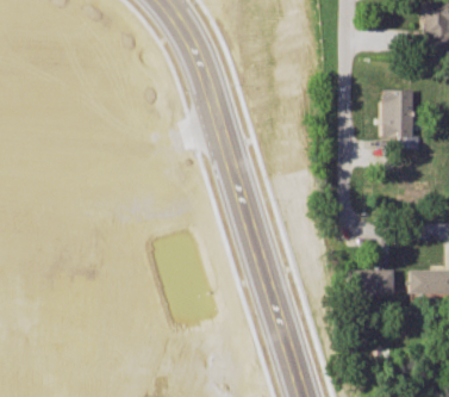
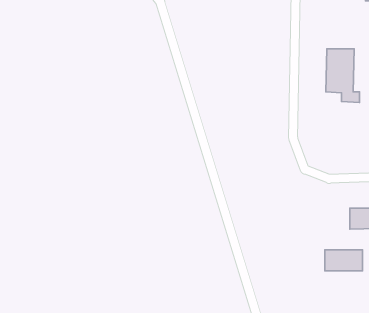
building: [349,271,392,294] -> [325,250,362,271]

